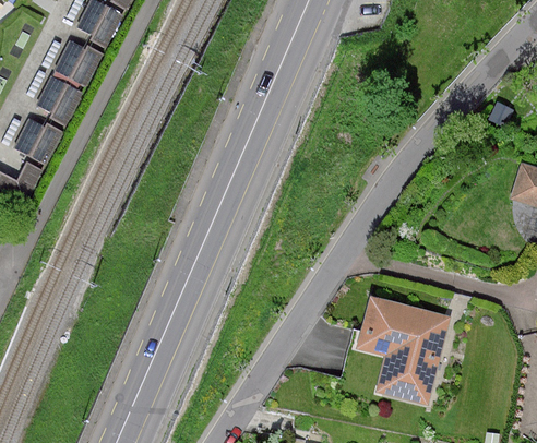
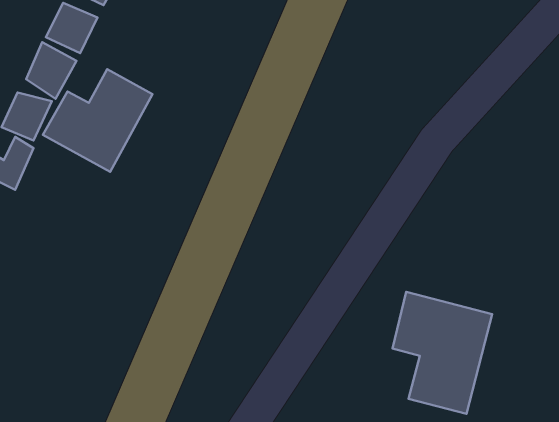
building: none -> [43,69,153,172]

